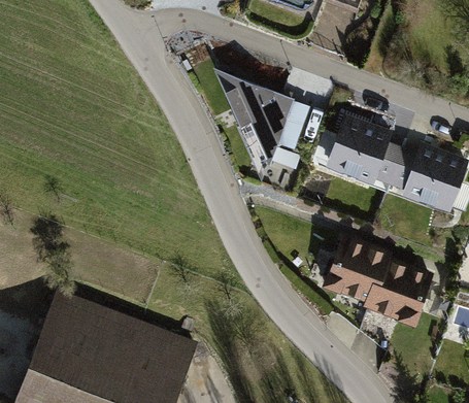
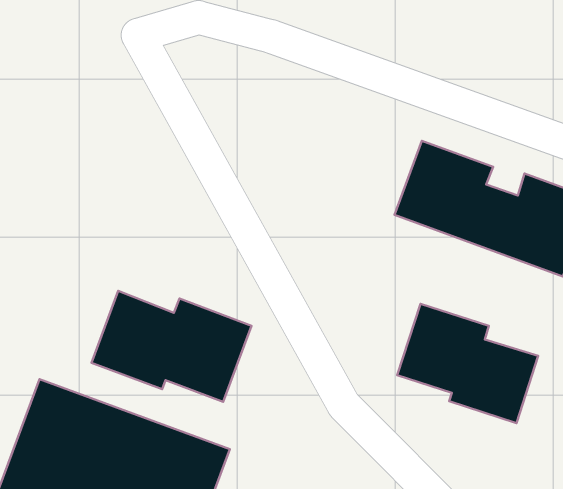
building: [212,69,308,197] -> none
building: none -> [91,291,252,402]

